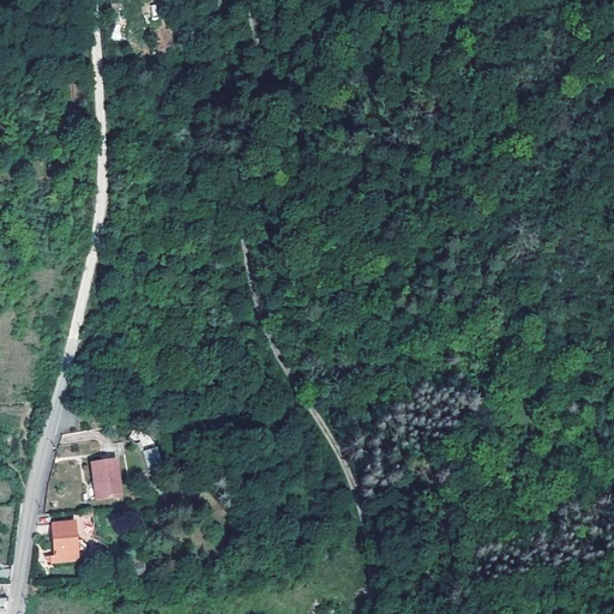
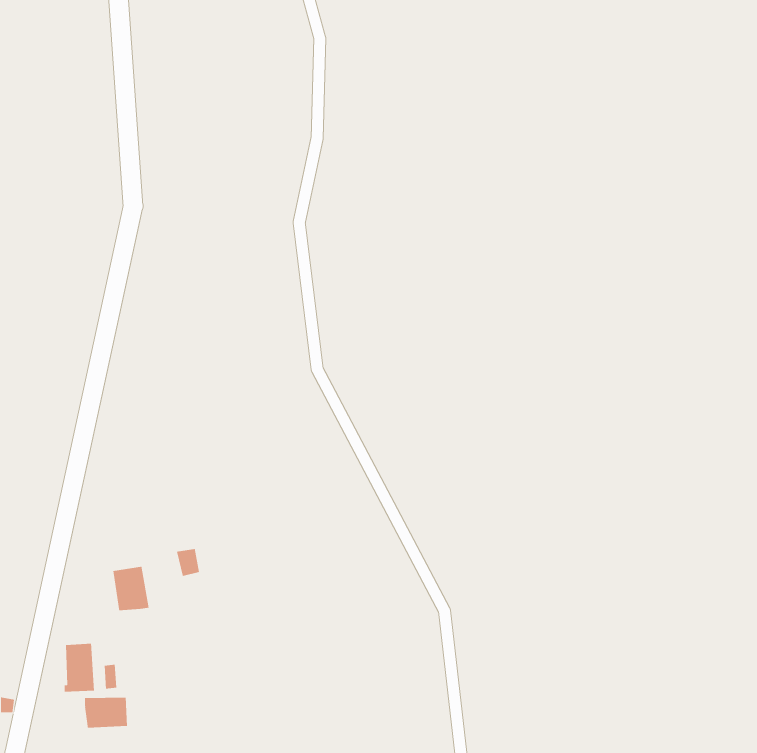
building: none -> [84,697,128,729]

